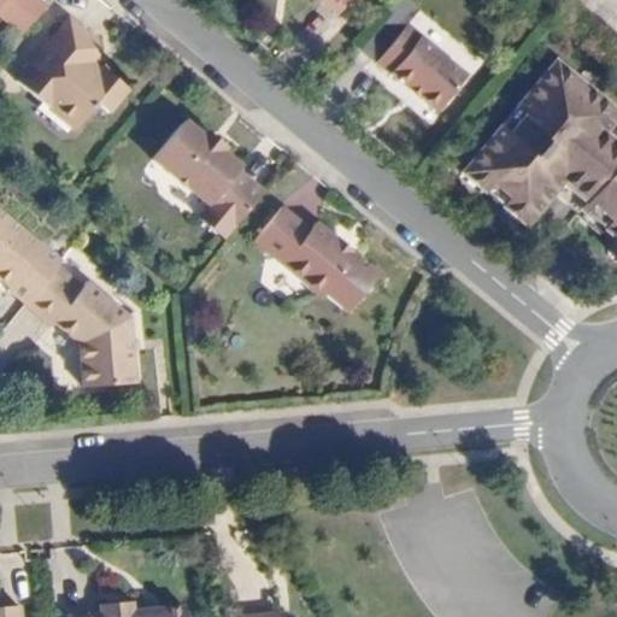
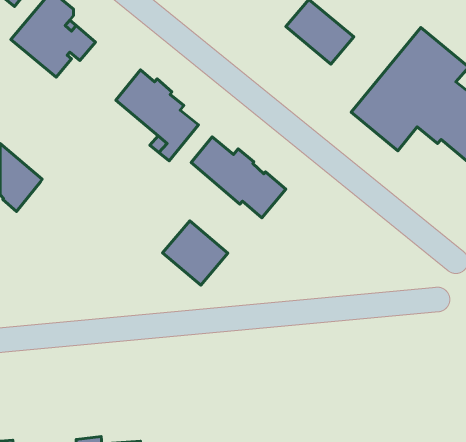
building: [25,264,137,386] -> none
building: none -> [163,221,228,285]

